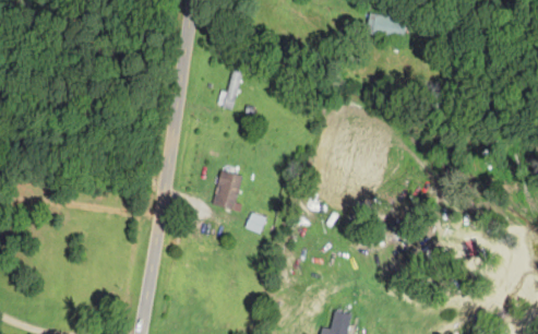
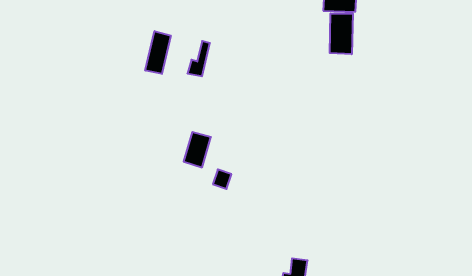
building: none -> [330,13,353,54]
building: none -> [145,31,171,74]

